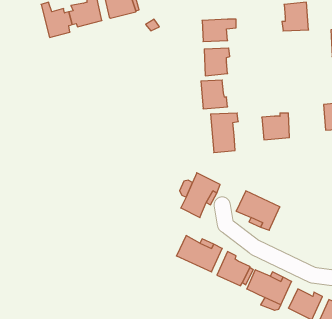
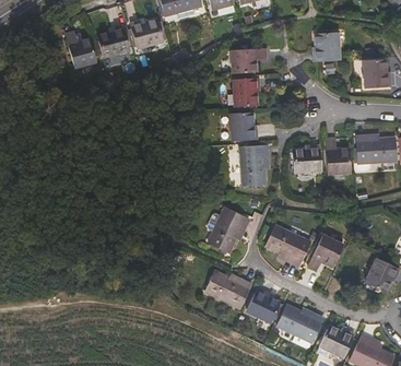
building: none -> [325,139,350,174]
building: none -> [308,236,343,271]

